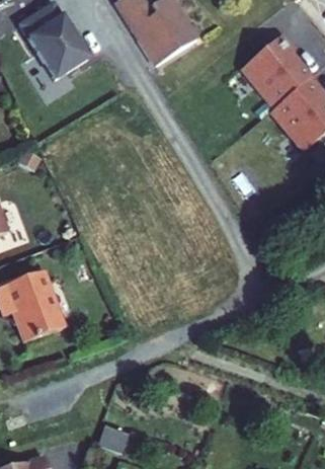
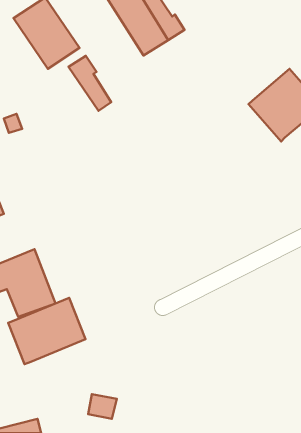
building: [239,35,312,111] -> none
building: none -> [69,56,111,111]
building: none -> [8,298,86,364]

